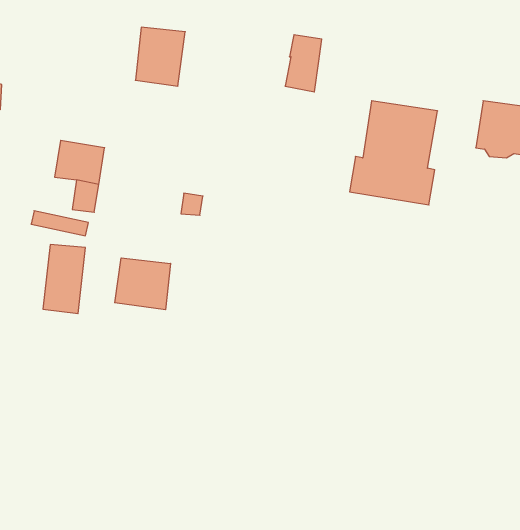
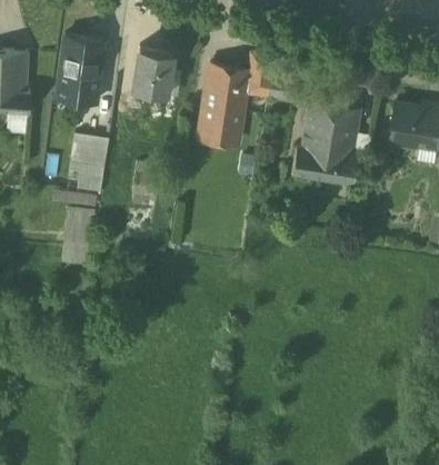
building: none -> [57,37,102,98]
building: none -> [198,65,241,144]
building: [115,258,171,310] -> none

